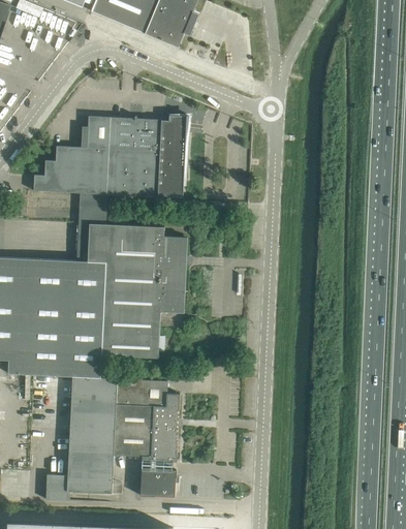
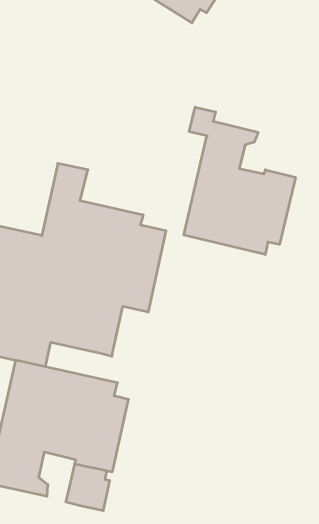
building: [33,115,187,199] -> none
building: none -> [184,107,295,255]

